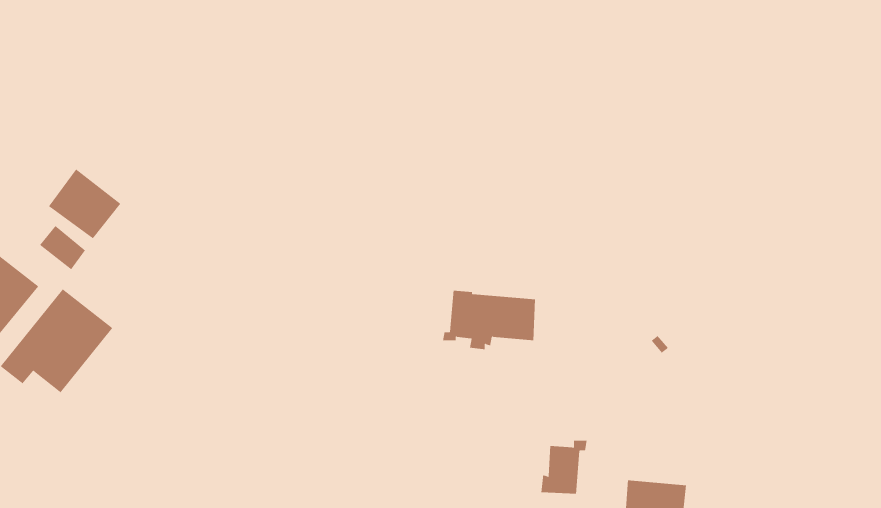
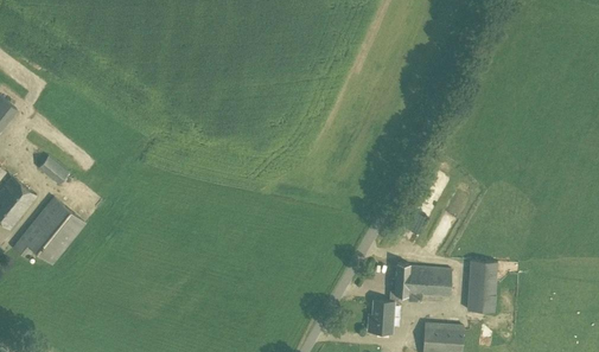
building: [48,168,121,239] -> none
building: [442,290,536,350] -> [390,263,452,302]
building: none -> [467,260,501,312]

